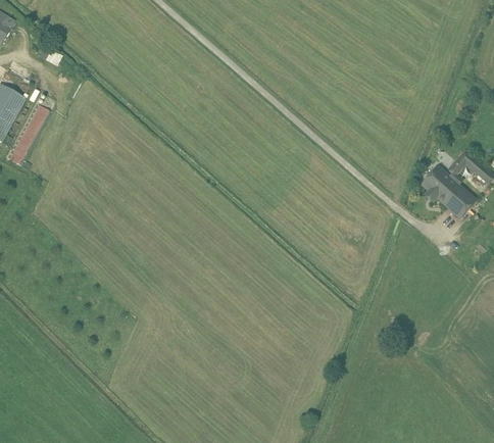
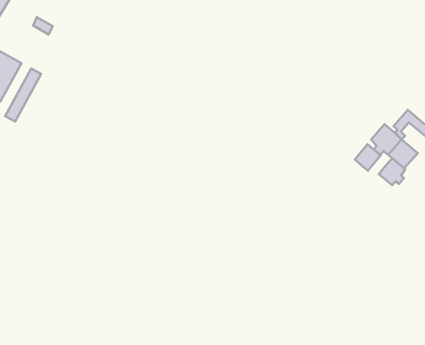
building: none -> [355,144,381,171]
building: none -> [379,158,405,185]

